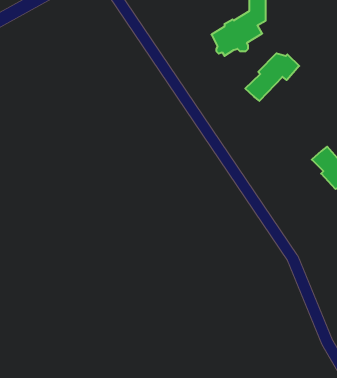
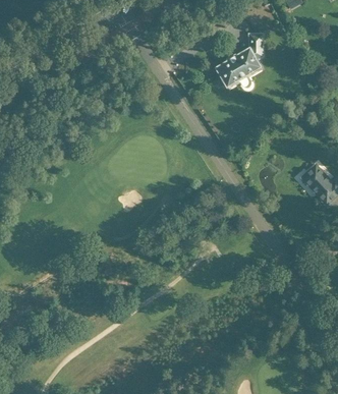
building: [245,53,299,101] -> none

